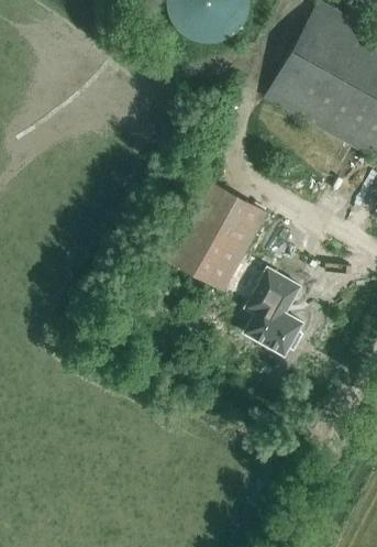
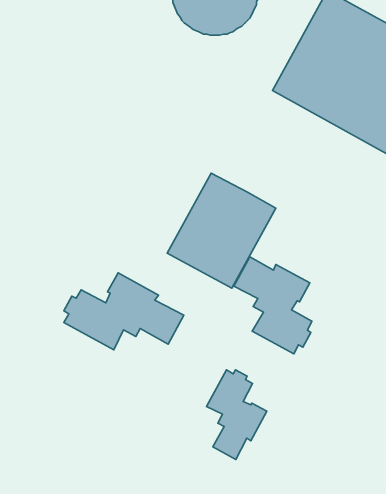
building: none -> [64,273,184,350]
building: none -> [207,370,267,459]

